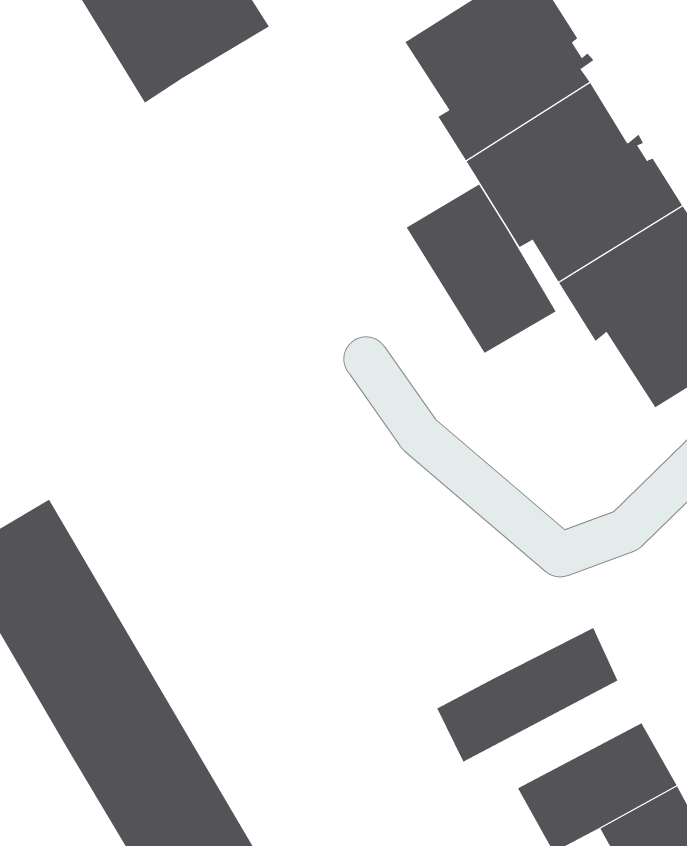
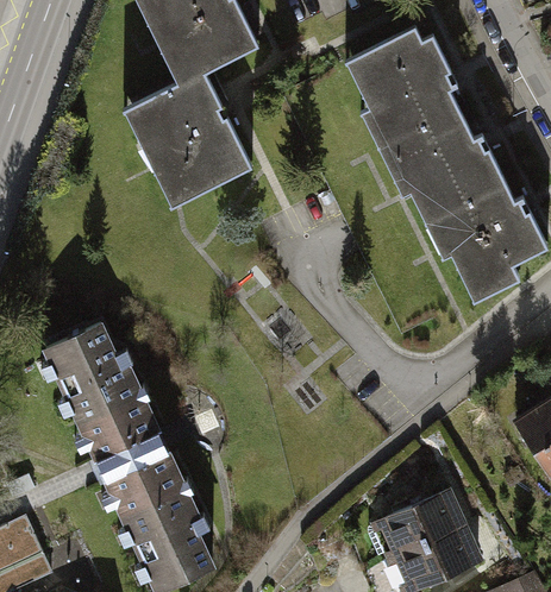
building: none -> [126,71,255,207]
building: [406,183,556,354] -> none
building: [437,627,618,763] -> none

